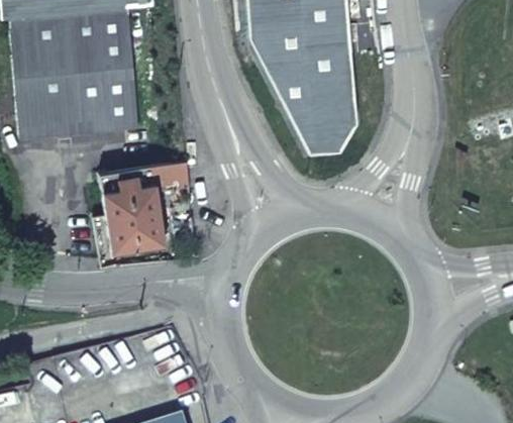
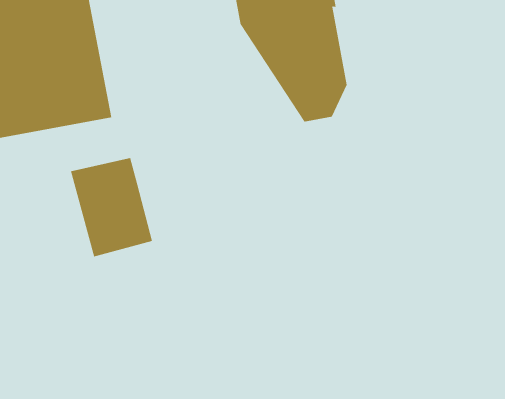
building: [152,162,188,192] -> none

